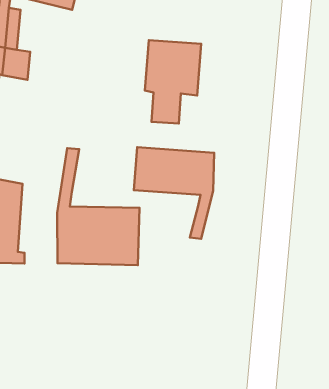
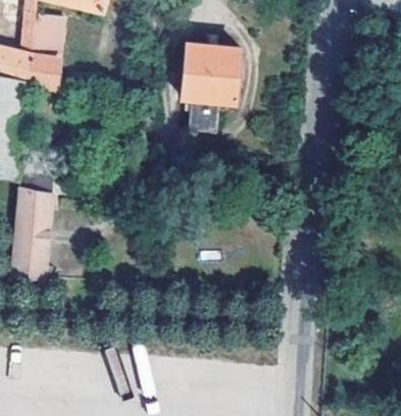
building: [134,147,214,239] -> none
building: [57,148,139,265] -> none

